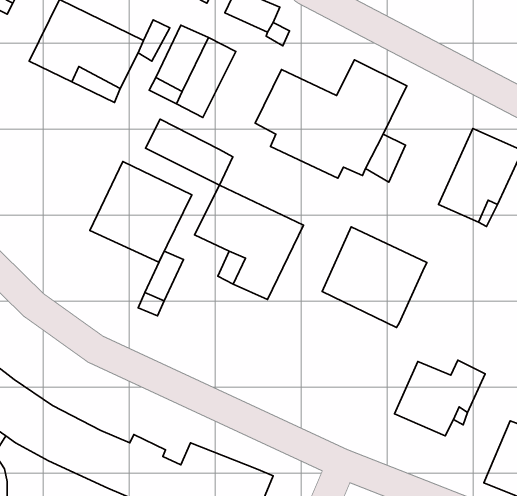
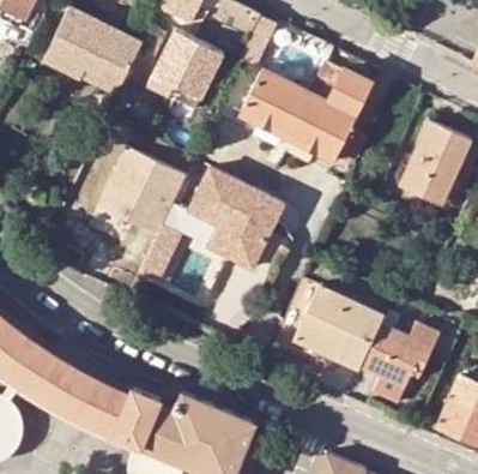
building: [146,119,233,185] -> none
building: [322,227,427,327] -> [292,284,383,372]

